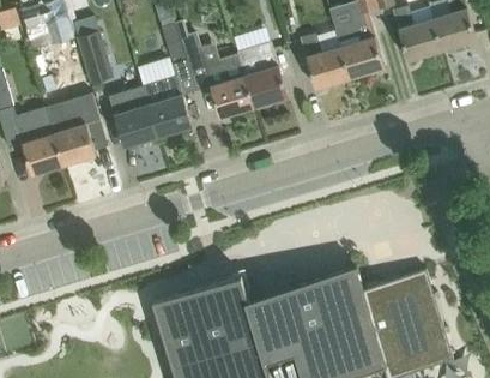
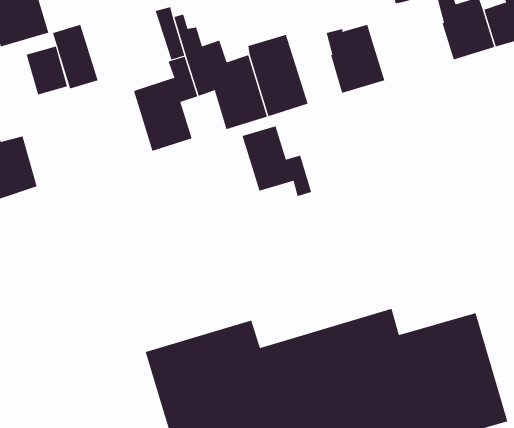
building: [335,19,383,77] -> none
building: [109,85,157,146] -> none
building: [50,107,95,164] -> none
building: none -> [242,125,312,197]

